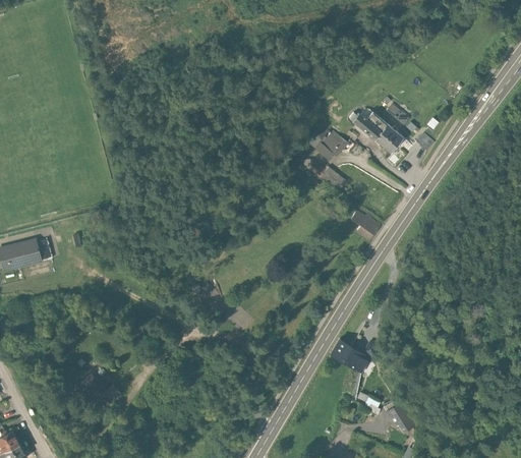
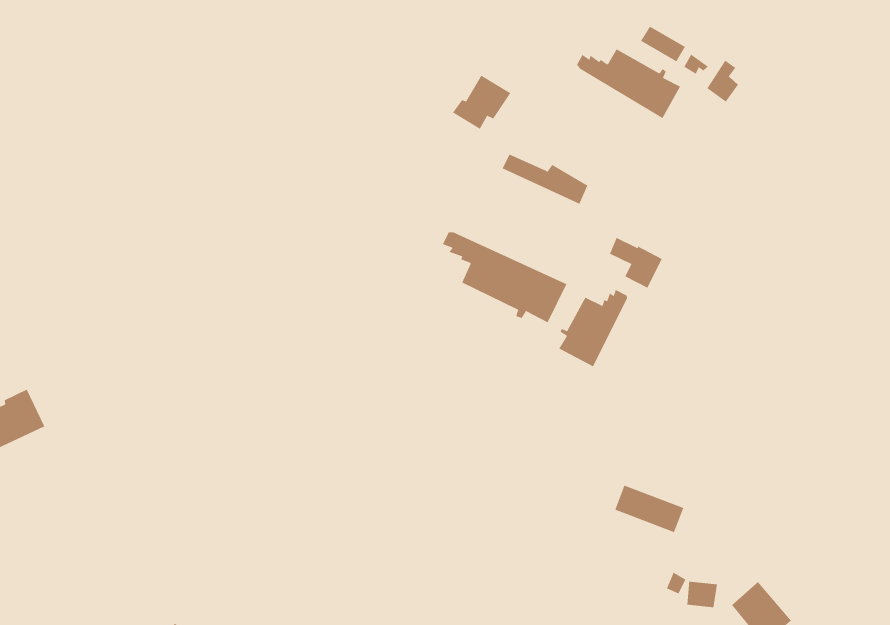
building: [314,131,347,160] -> [452,75,511,129]
building: none -> [442,232,567,323]
building: none -> [558,289,627,367]

